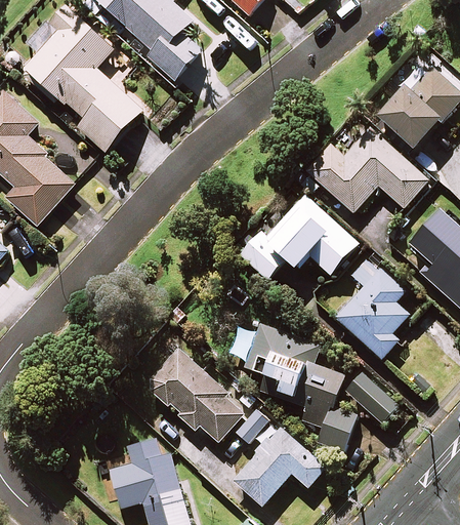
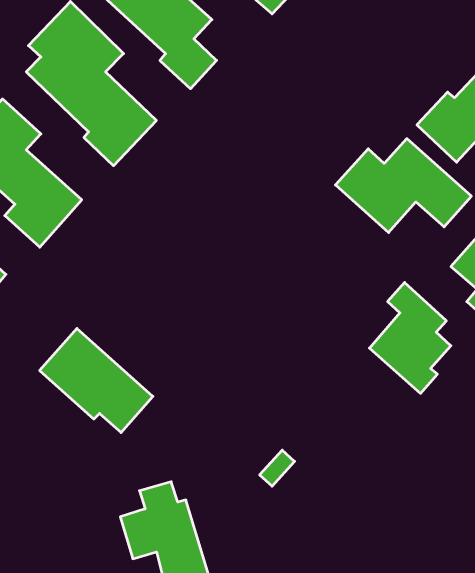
building: [240,195,357,279] -> none
building: [229,323,354,450] -> none
building: [144,348,247,442] -> [40,328,153,433]
building: [345,372,398,421] -> none
building: [232,426,325,506] -> none

